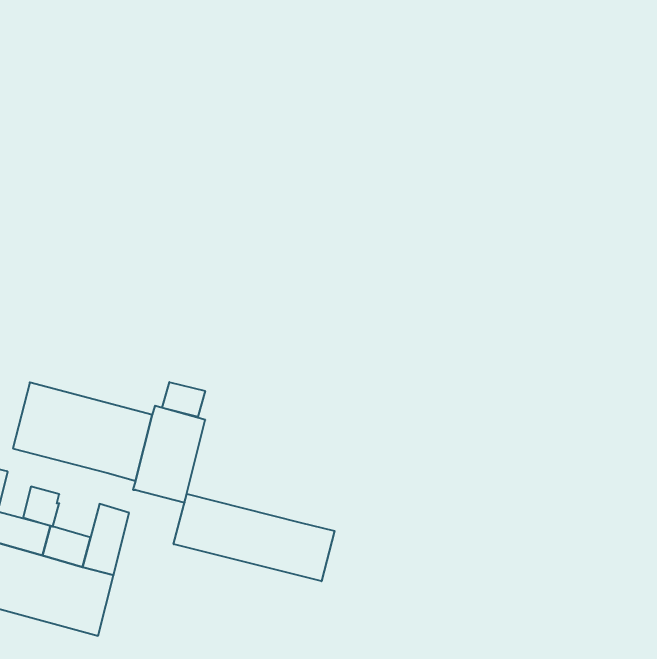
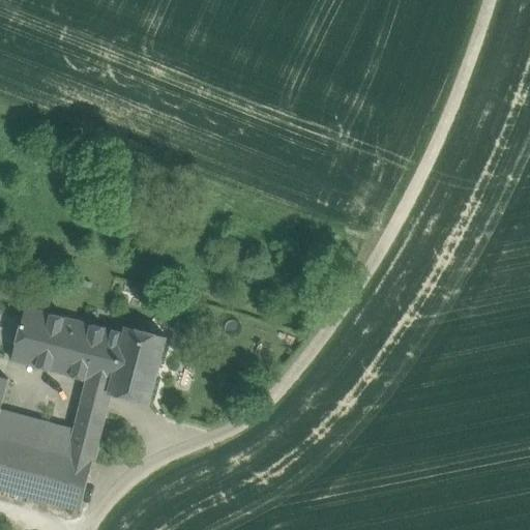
building: [162,382,205,417] -> none
building: [23,487,59,527] -> [80,379,109,411]
building: [174,494,335,581] -> none

